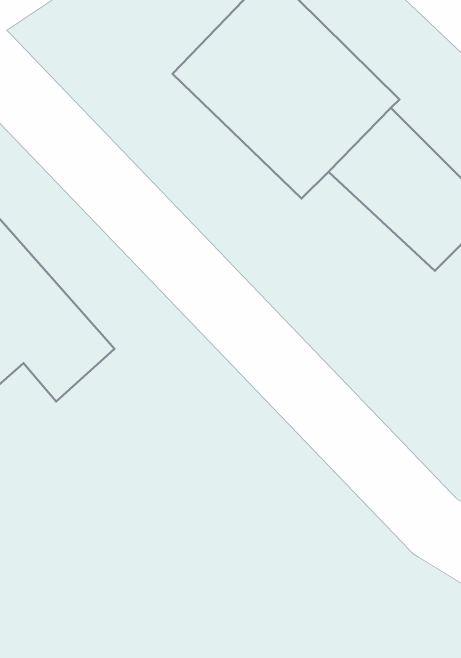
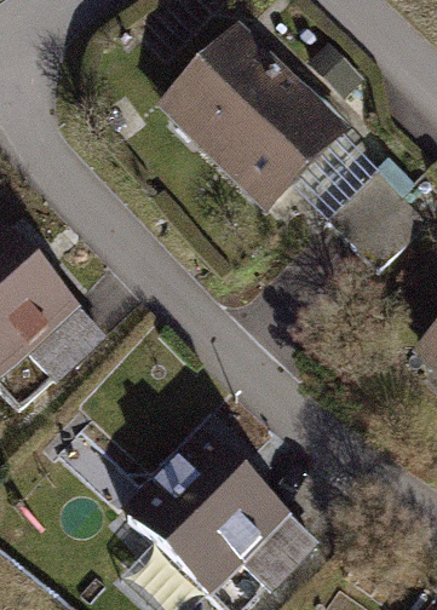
building: none -> [127,428,295,595]

